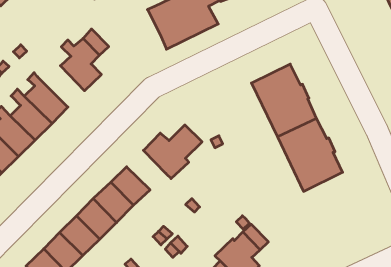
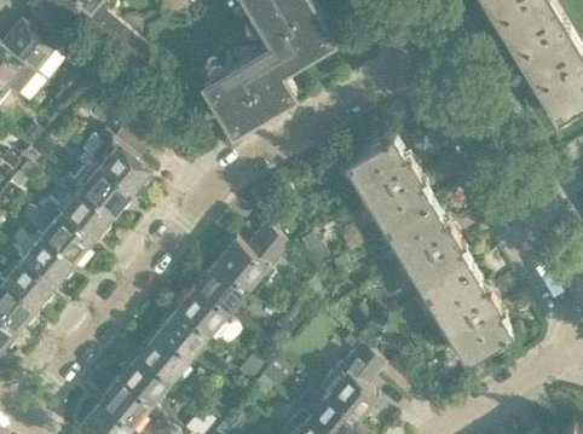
building: none -> [69,155,131,218]
building: none -> [194,264,244,313]
building: none -> [422,267,510,363]

